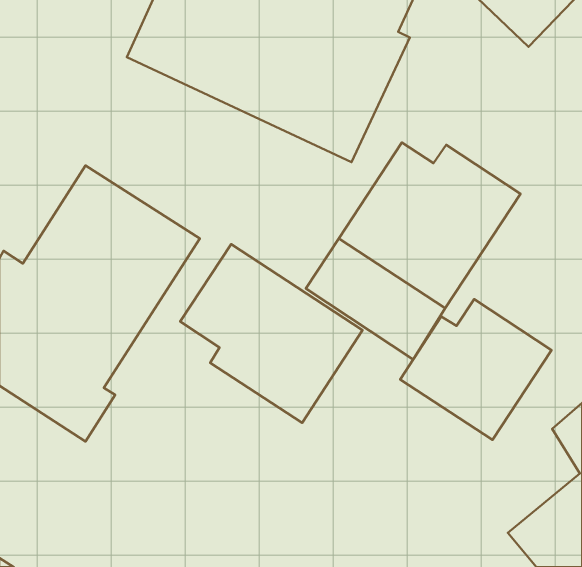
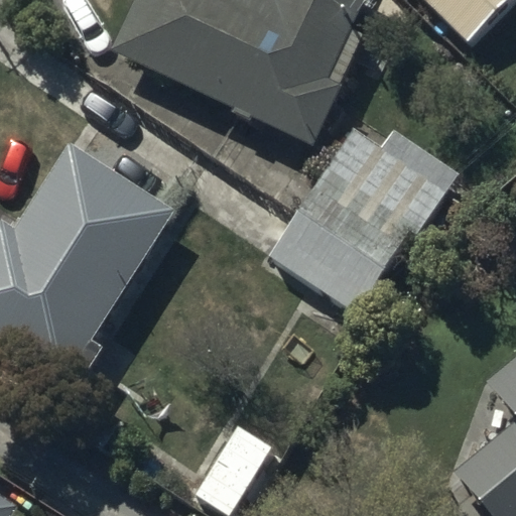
building: [180,244,363,423] -> none
building: [400,299,552,440] -> none

